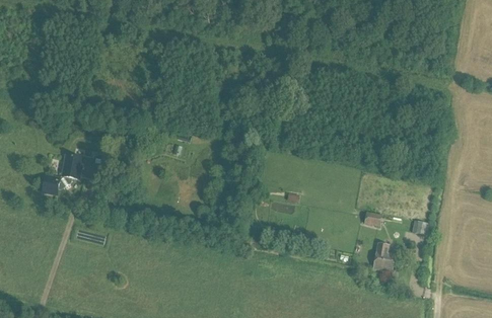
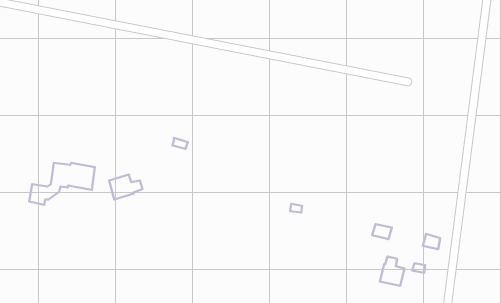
building: none -> [109,174,142,200]

